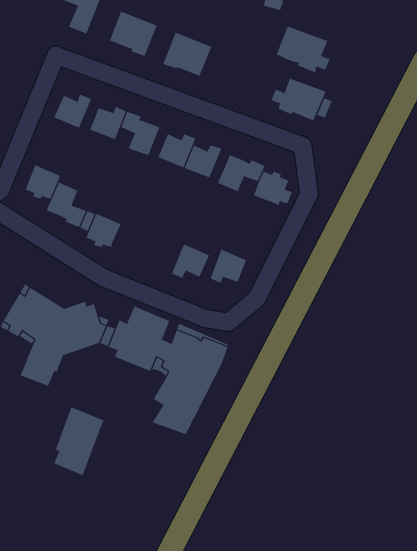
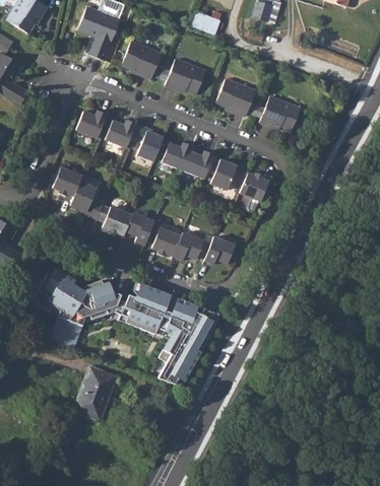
building: [276,26,331,73] -> [212,77,257,116]
building: none -> [124,212,153,245]
building: none -> [150,227,180,256]

